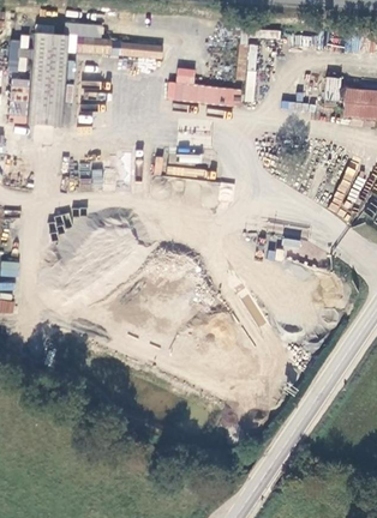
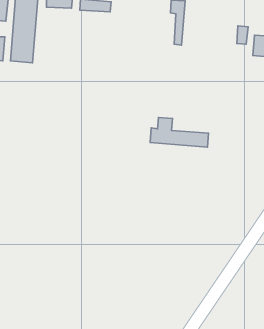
building: [166,67,241,106] -> [150,118,208,147]

